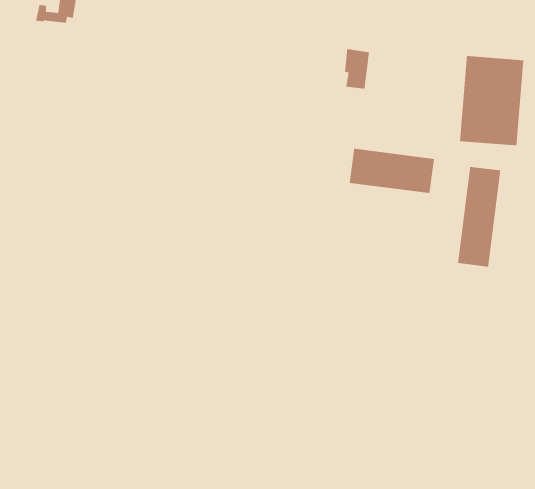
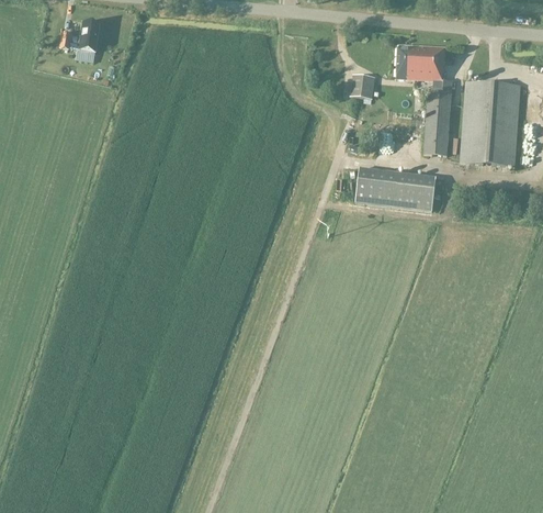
building: none -> [396,44,451,155]
building: [457,166,501,267] -> none

